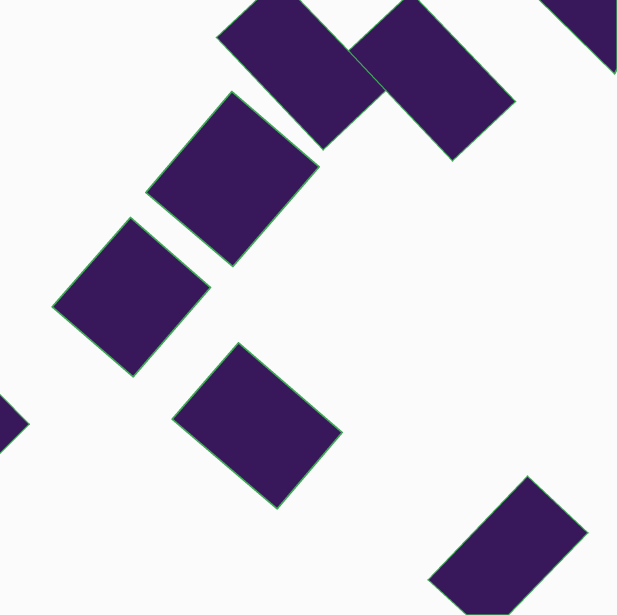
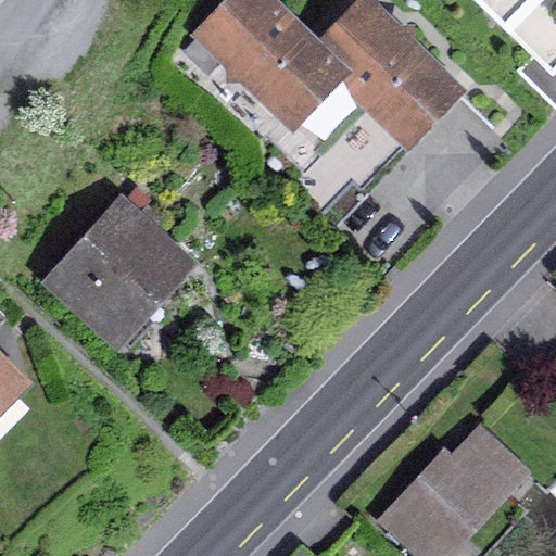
building: [146,92,319,267] -> none
building: [172,343,342,509] -> none

